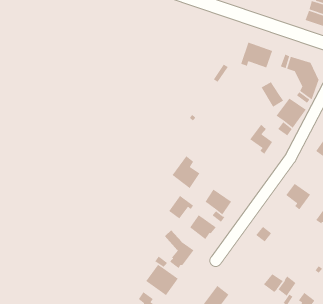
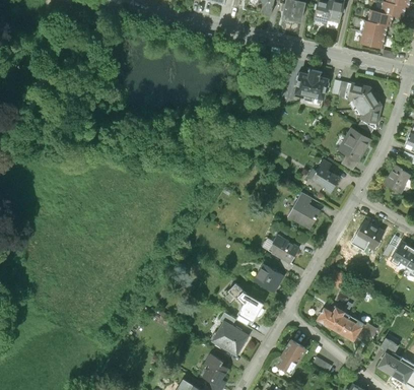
building: [261,81,284,108] -> none
building: [171,155,200,189] -> [287,192,319,229]
building: [168,195,194,220] -> none
building: none -> [318,307,350,334]

